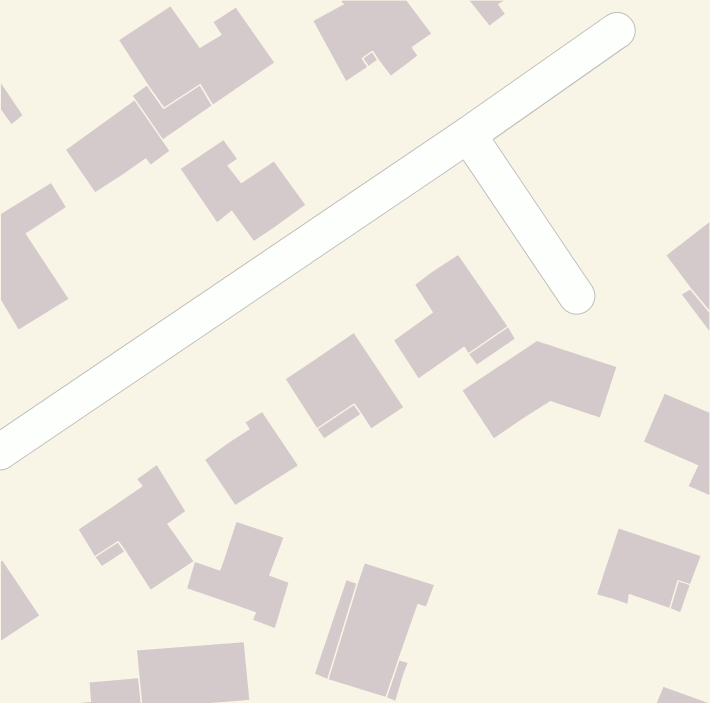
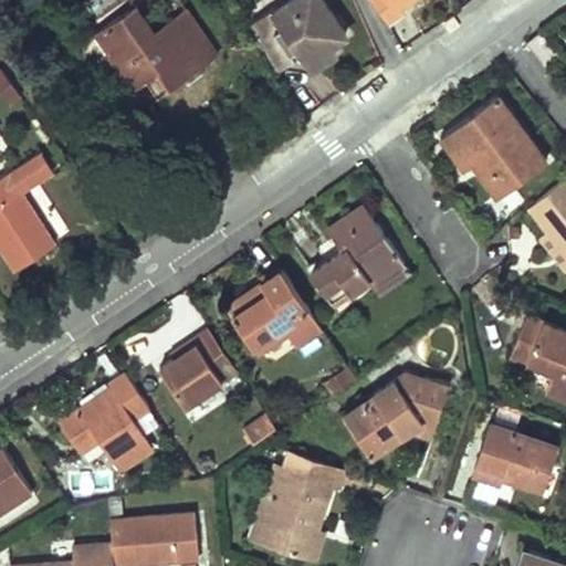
building: [65,100,170,193] -> none
building: none -> [443,97,547,199]
building: [180,139,306,242] -> none
building: [462,340,617,439] -> [344,377,468,455]
building: [187,521,289,629] -> none

